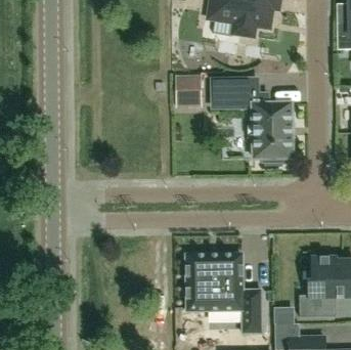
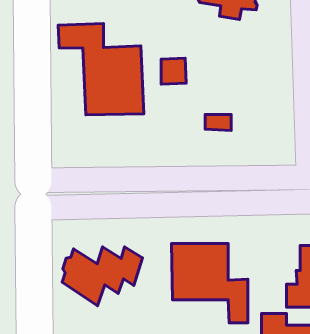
building: none -> [58,23,144,115]
building: [211,79,293,162] -> none
building: none -> [62,247,142,306]

